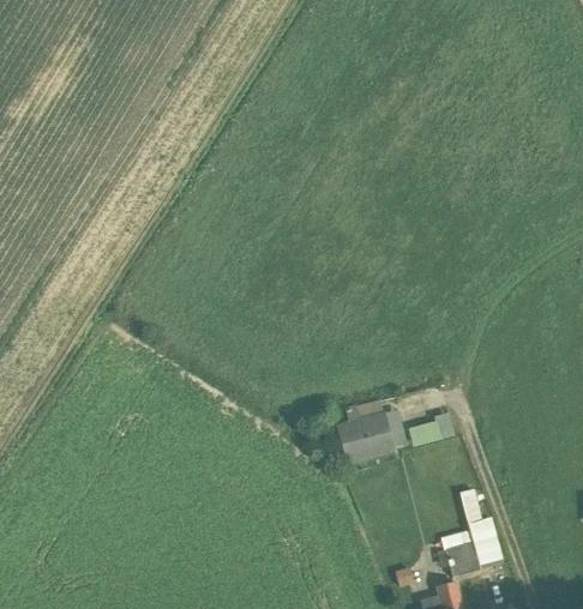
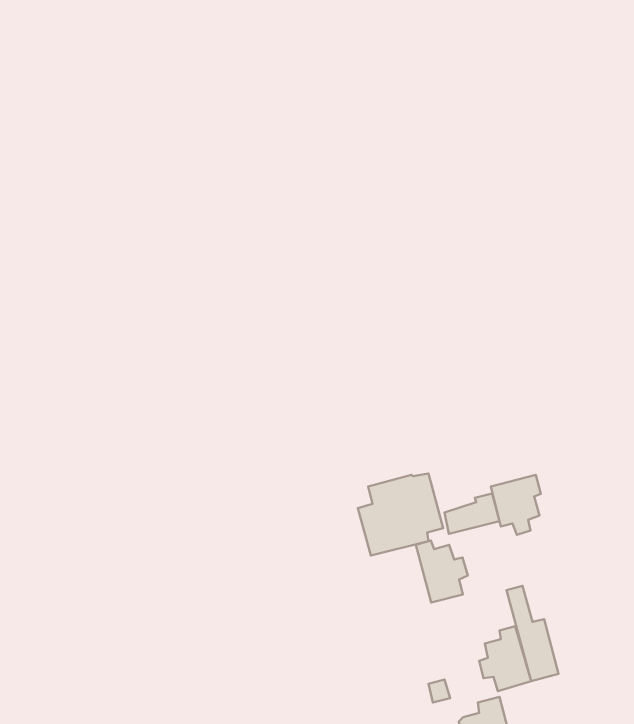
building: none -> [491,475,541,535]
building: none -> [416,541,468,602]

